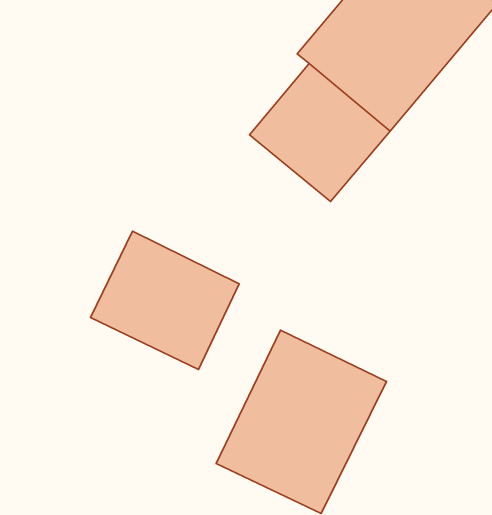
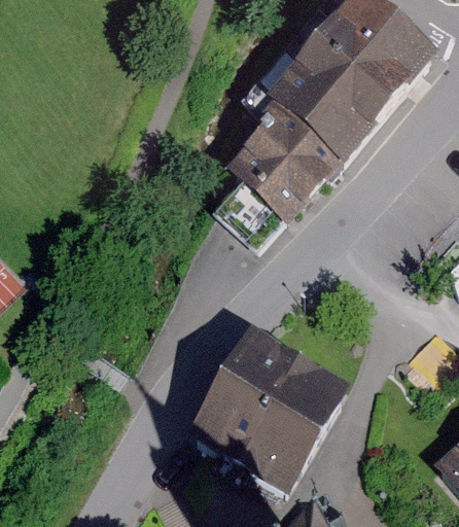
building: [91,231,239,369] -> none

